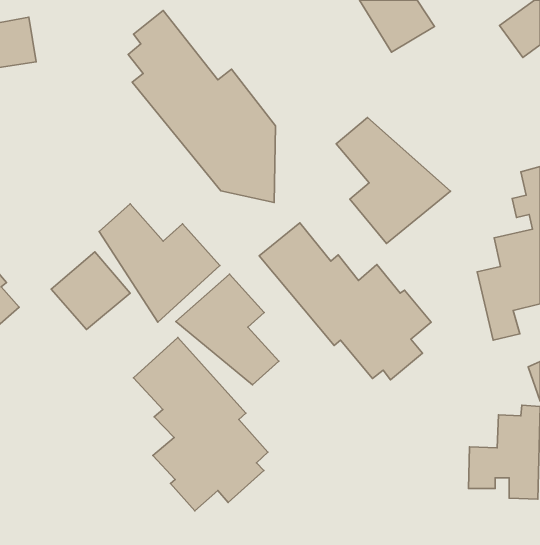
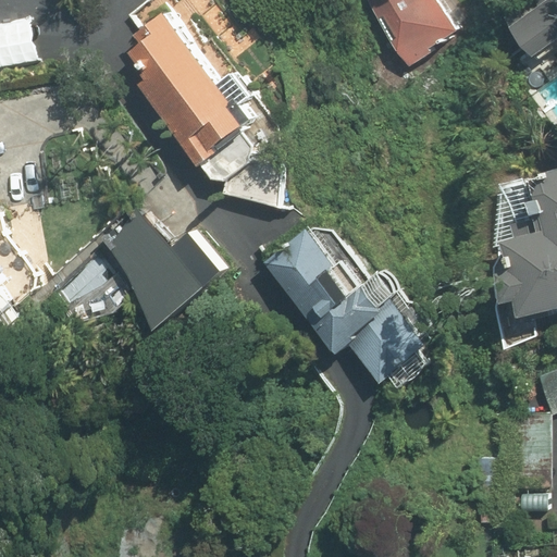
building: [336,118,451,243] -> none
building: [176,274,279,385] -> none
building: [133,337,268,511] -> none

